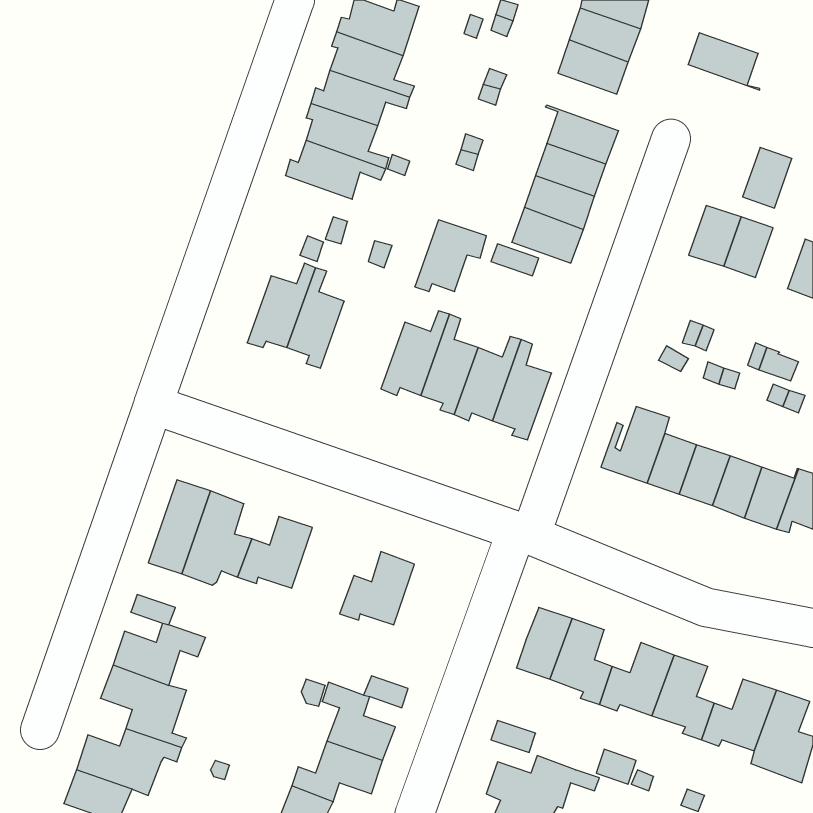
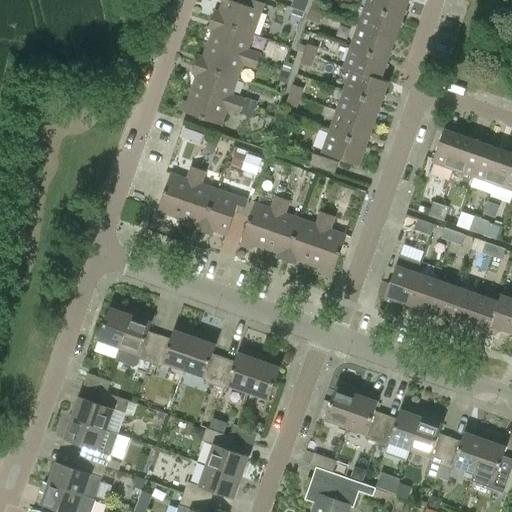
building: [688,33,760,90] -> [343,47,388,83]
building: [743,147,792,208] -> [474,144,505,182]
building: [415,220,486,292] -> [201,190,246,235]
building: none -> [183,332,222,386]
building: none -> [247,355,281,400]

